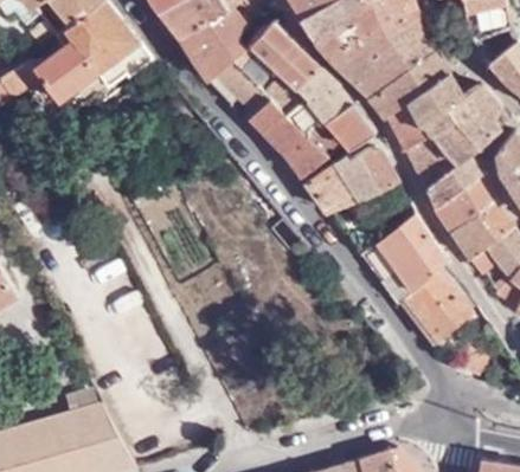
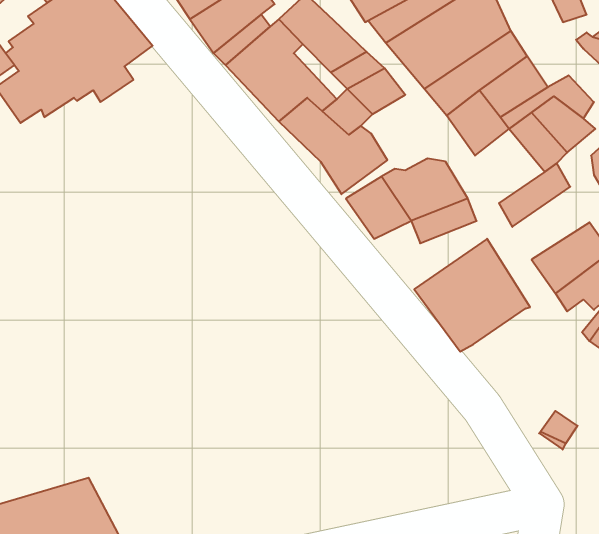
building: [325,98,374,149] -> none
building: [406,125,462,185] -> none
building: [436,172,497,229] -> none
building: [400,269,479,340] -> none

